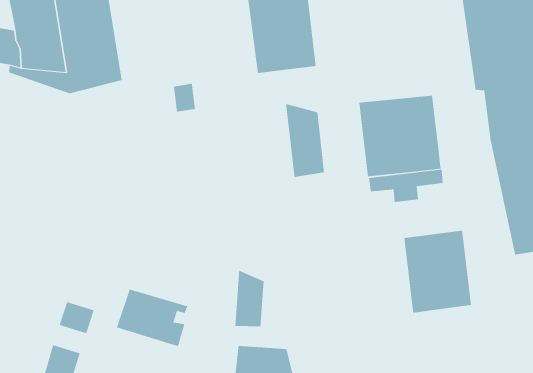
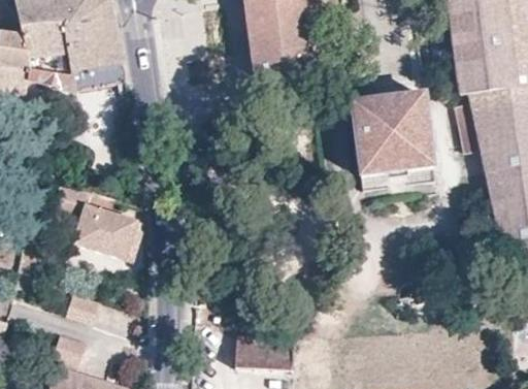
building: [285,103,325,178] -> none
building: [404,230,471,314] -> none
building: [235,270,264,327] -> none
building: [116,289,188,347] -> [73,204,142,260]

